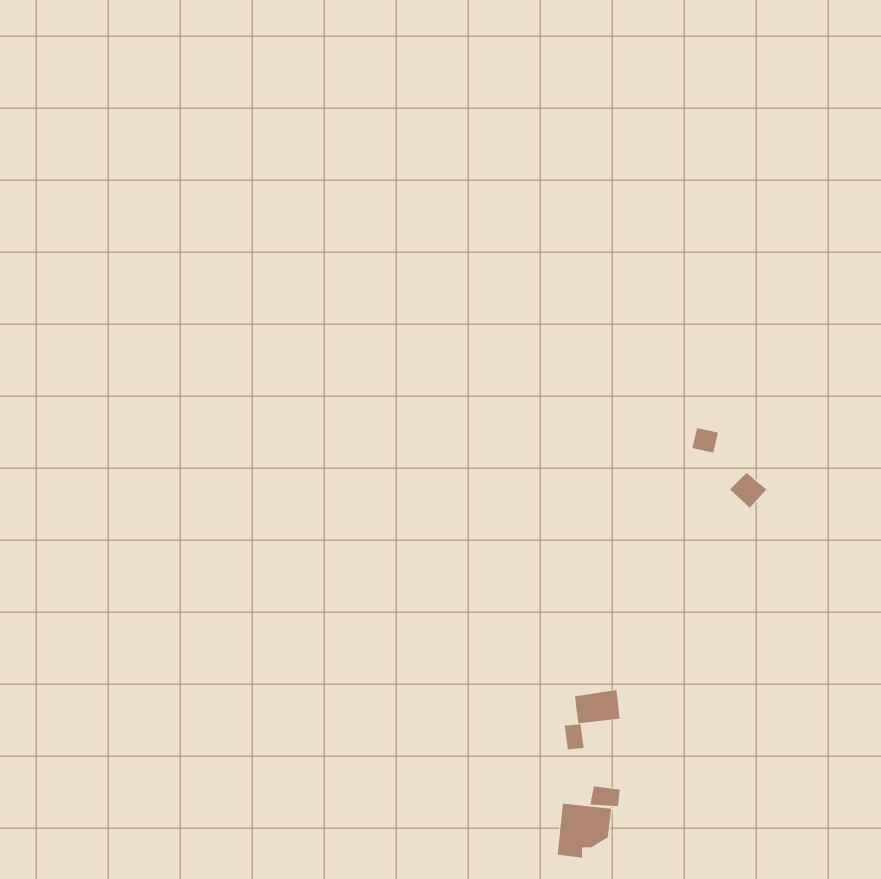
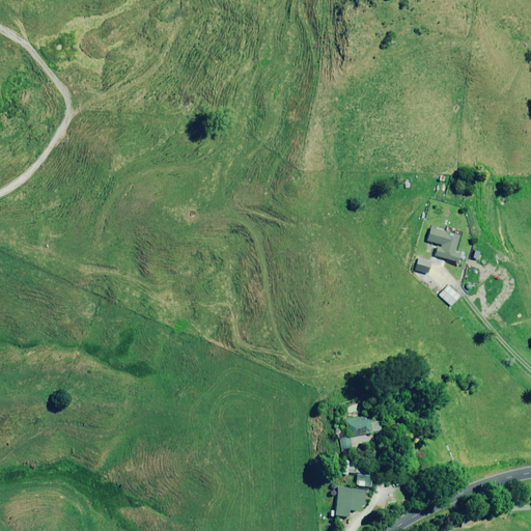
building: none -> [428,226,462,262]

